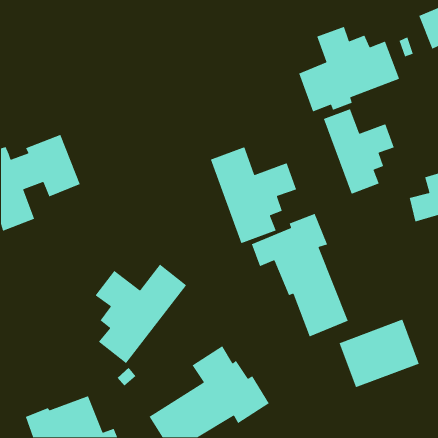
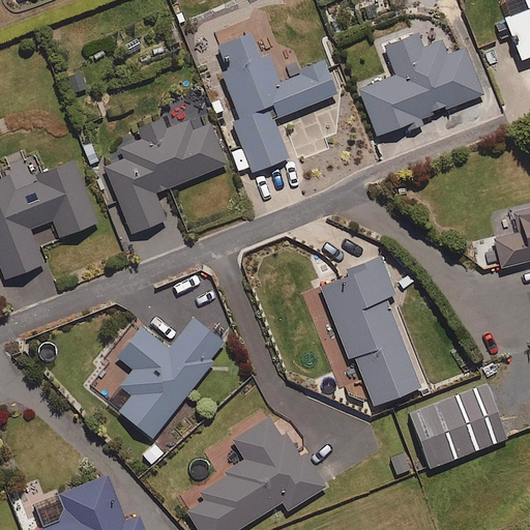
building: none -> [217,33,336,177]
building: none -> [99,118,227,234]
building: [323,108,395,195] -> none
building: [210,146,297,244] -> none

